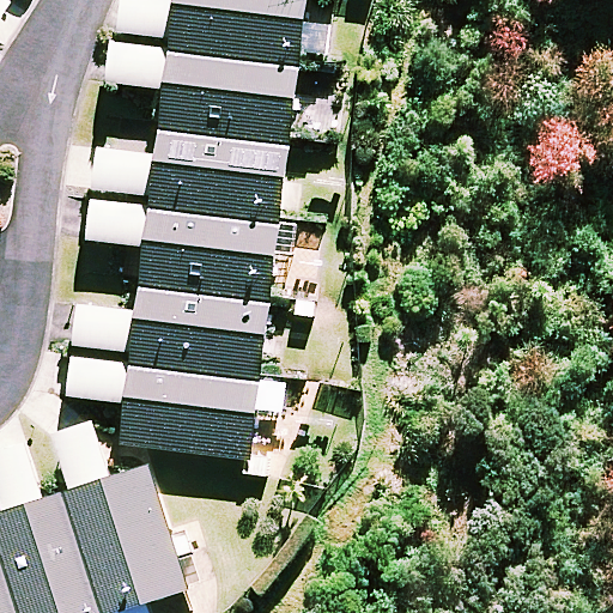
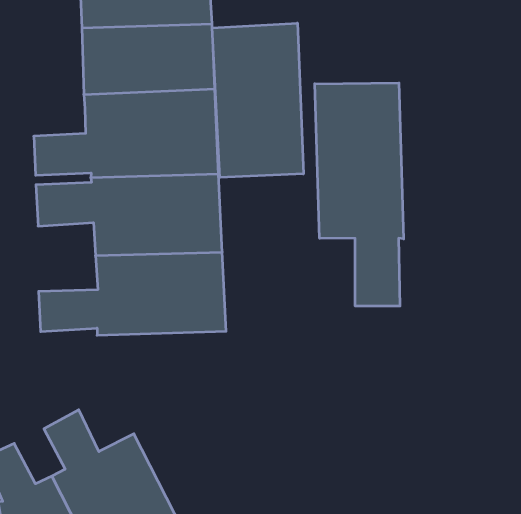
building: none -> [212,23,303,177]
building: none -> [315,83,404,306]
building: [66,356,285,459] -> none

